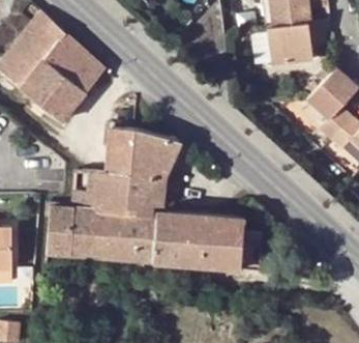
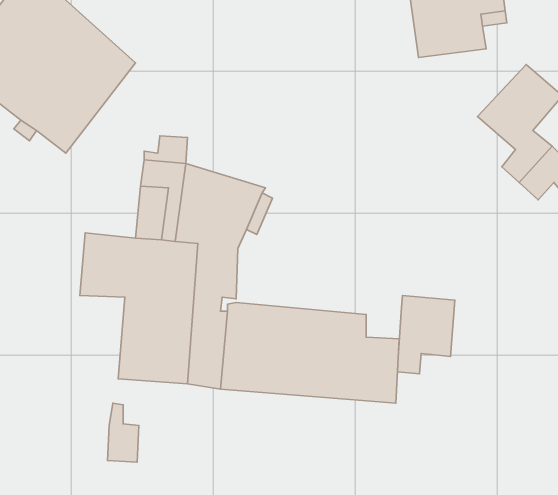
building: [46,205,97,257] -> none
building: none -> [398,295,455,374]

